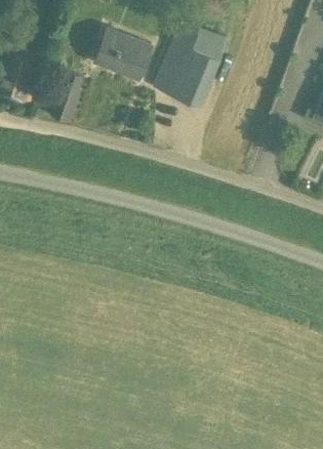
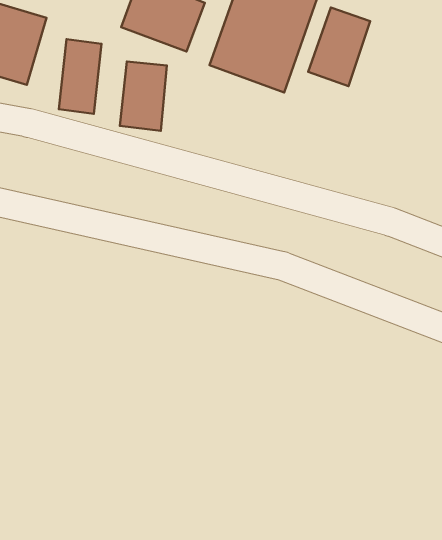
building: none -> [308,8,370,86]
building: none -> [120,61,167,131]

